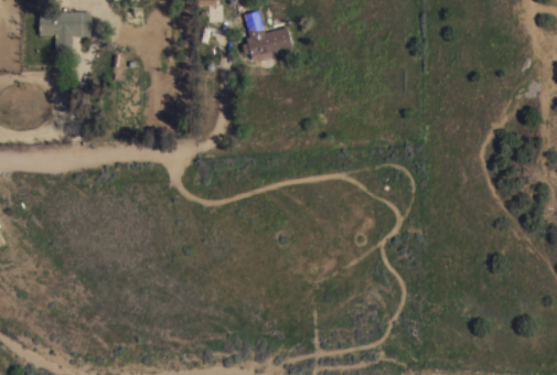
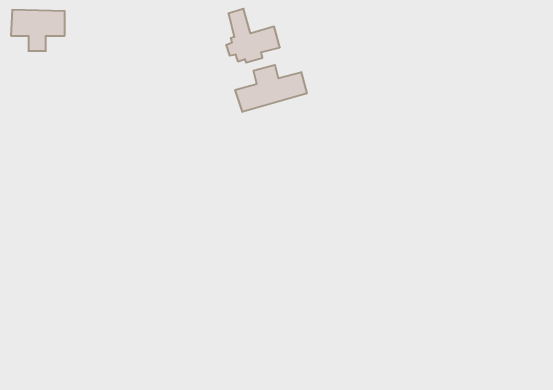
building: none -> [235,65,307,112]

